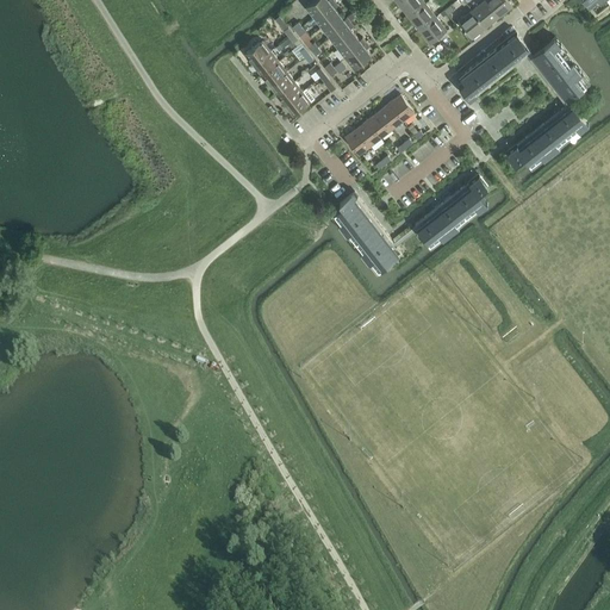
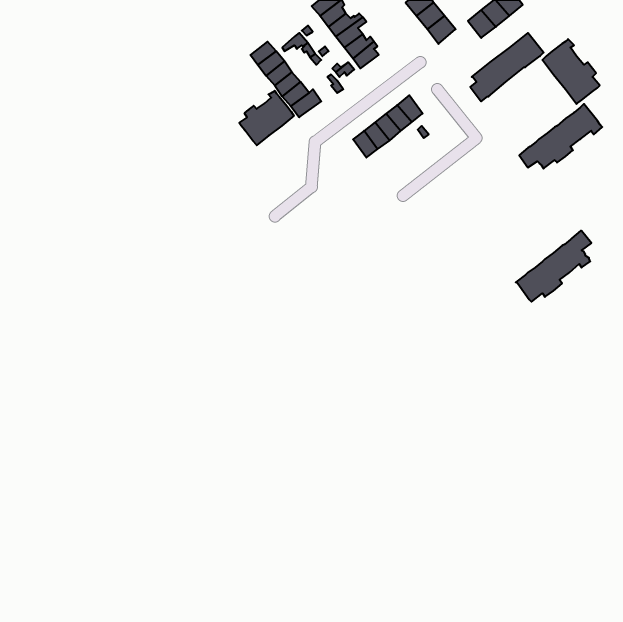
building: none -> [239,91,294,145]
building: [413,176,487,245] -> [516,231,591,302]
building: [330,194,400,272] -> none

